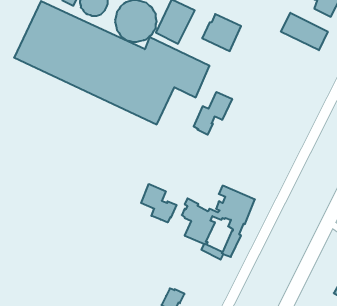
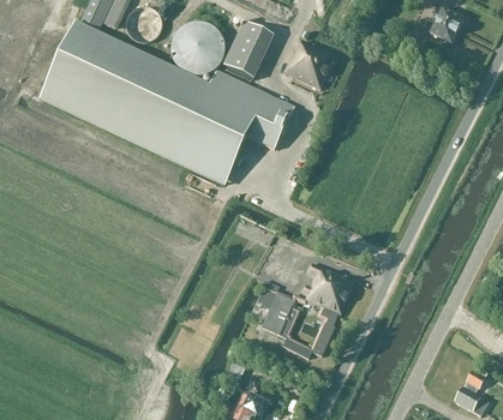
building: [281,13,328,50] -> none
building: [194,92,232,135] -> none
building: [141,184,177,222] -> none

